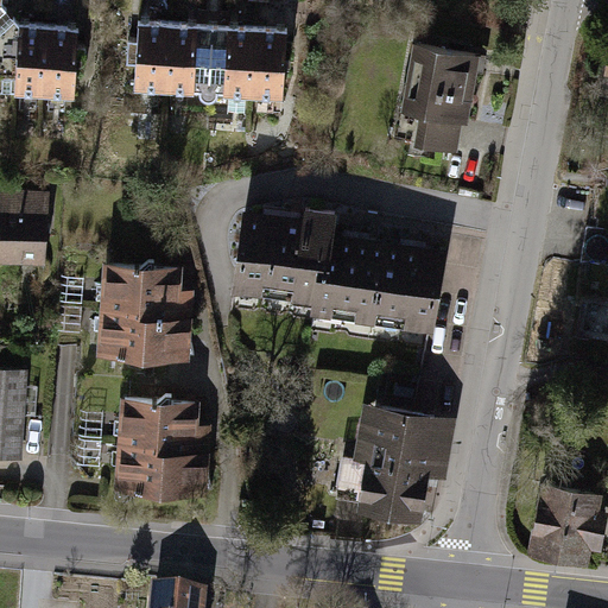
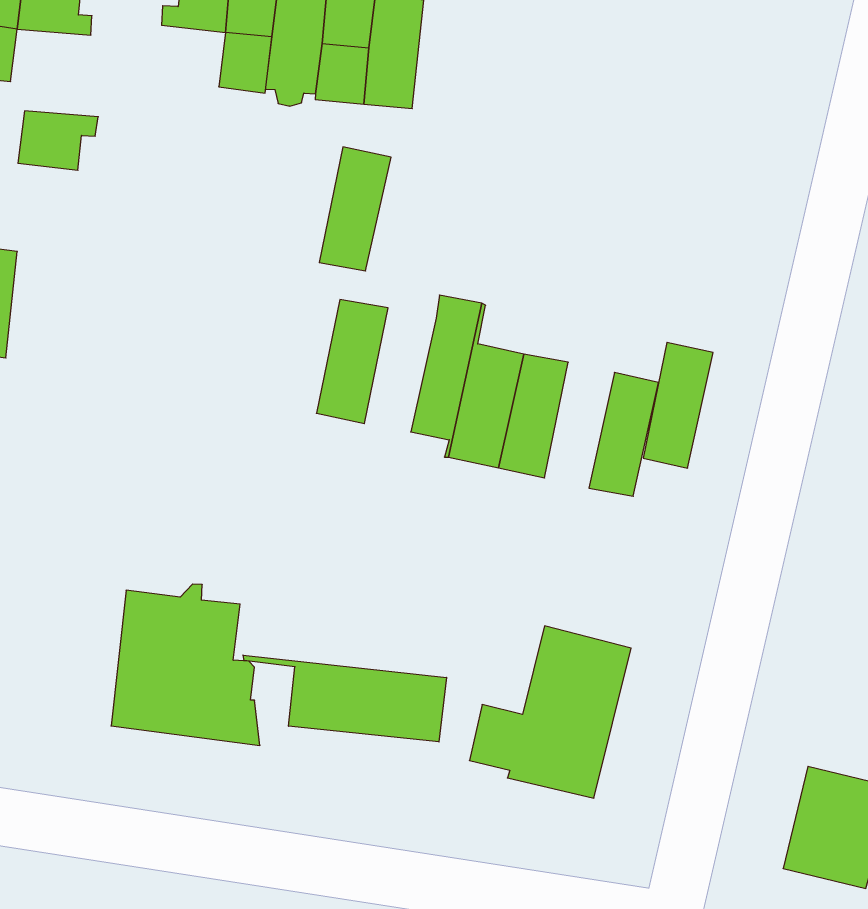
building: [405,48,475,153] -> none
building: [126,56,166,91] -> none
building: [37,63,84,97] -> [18,111,98,170]
building: [264,221,304,296] -> [319,147,391,271]
building: [375,248,414,324] -> [643,342,713,468]
building: [101,261,194,356] -> none
building: none -> [243,655,447,742]

